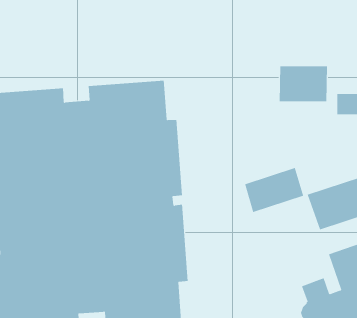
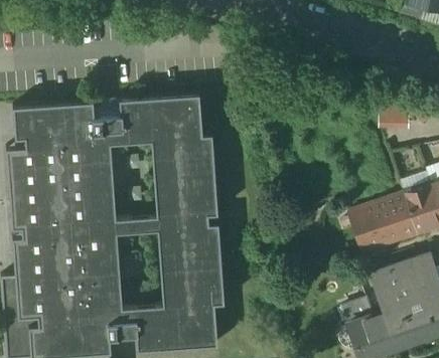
building: [279,66,327,102] -> none
building: [244,167,304,213] -> none

